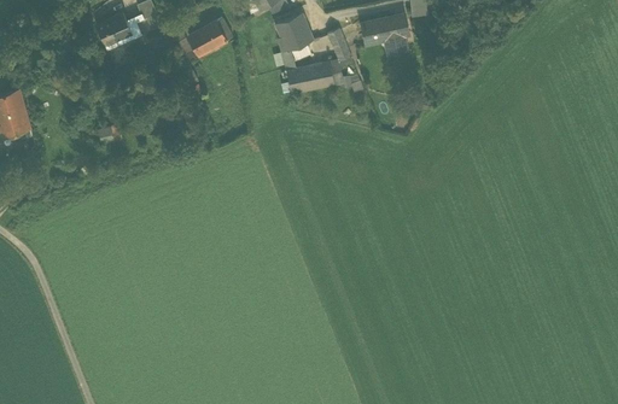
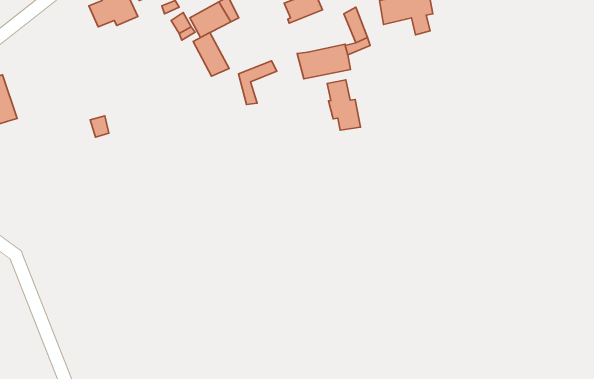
building: [279,31,314,71] -> [238,61,277,104]
building: none -> [193,33,229,76]
building: none -> [327,80,361,130]

